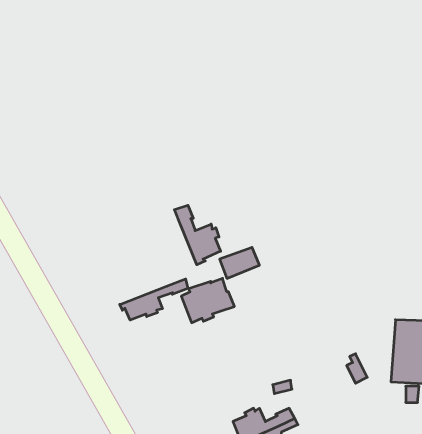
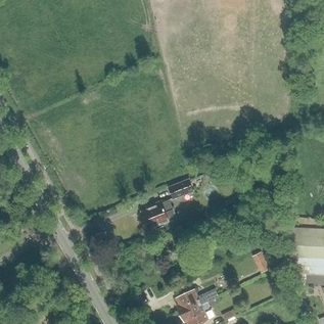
building: [174,205,221,265] -> none
building: [120,279,188,320] -> none

